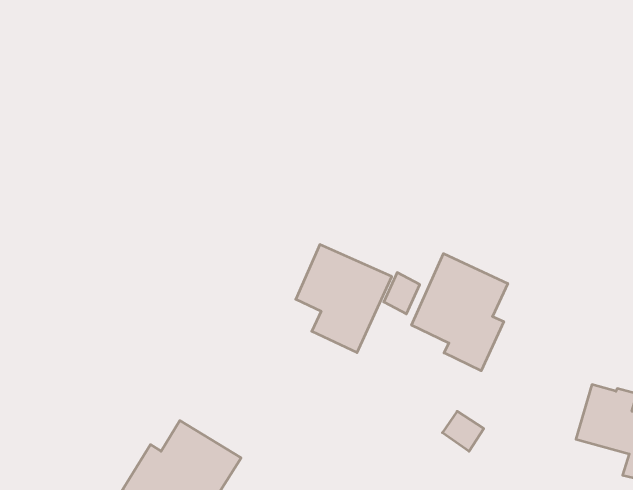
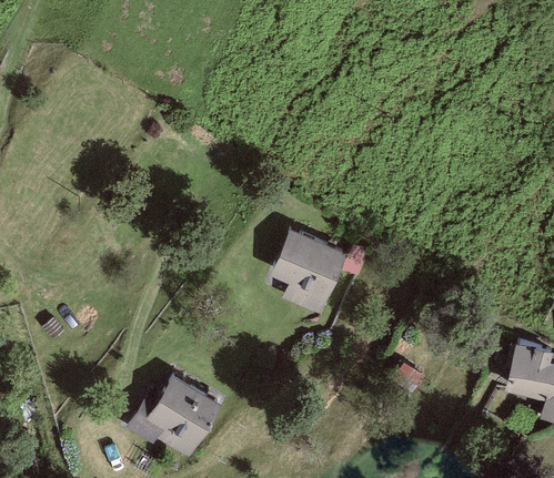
building: [412,254,508,371] -> none

